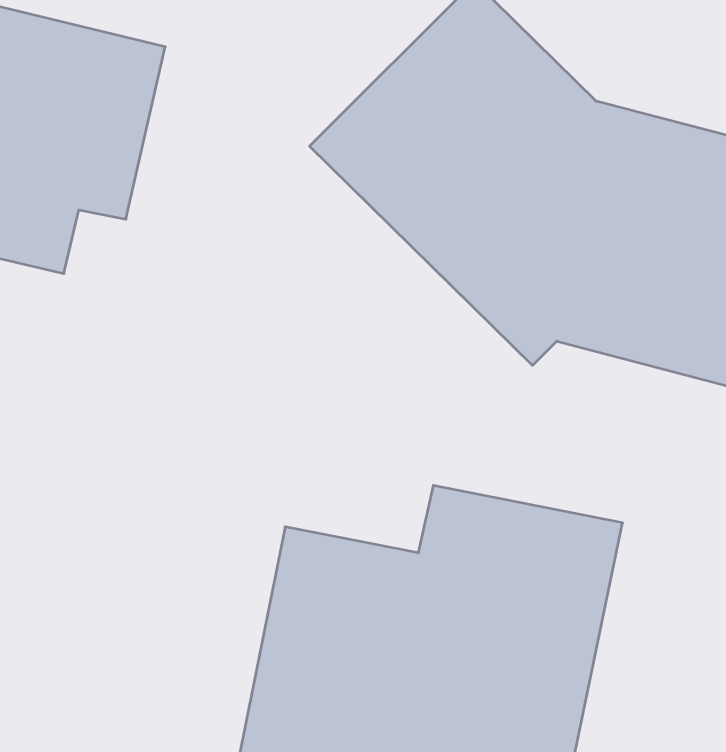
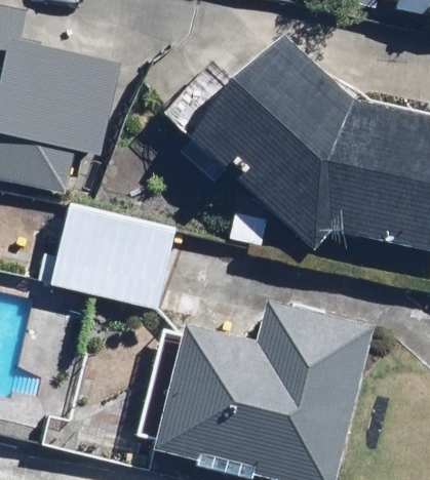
building: none -> [61,204,172,305]

